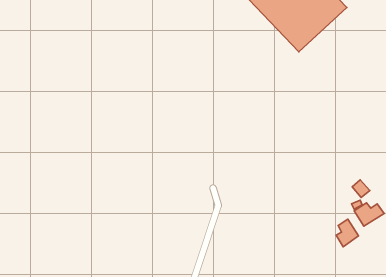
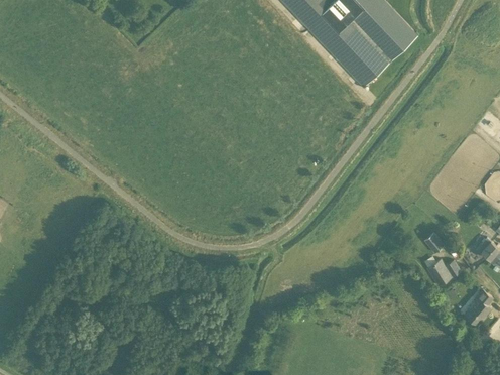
building: [336,219,359,247] -> none

